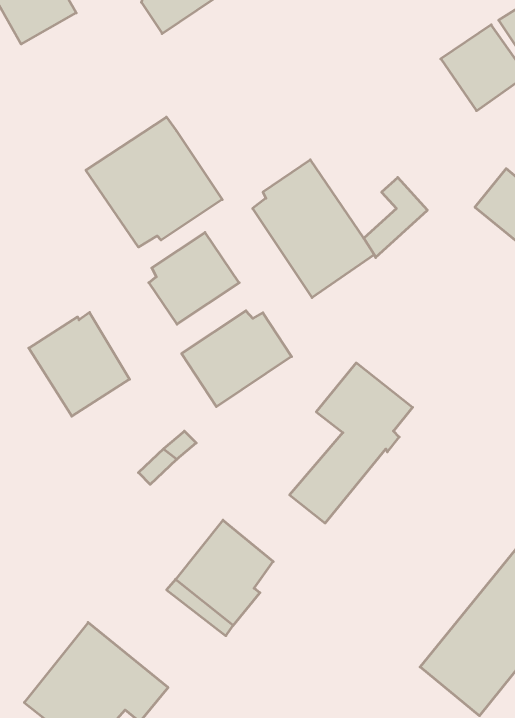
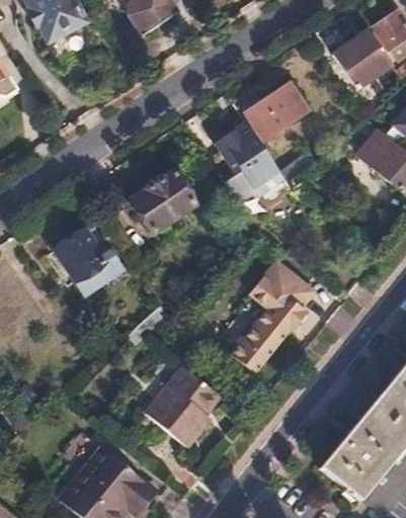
building: none -> [248,86,308,142]
building: [86,117,222,247] -> none
building: [182,311,292,407] -> none

